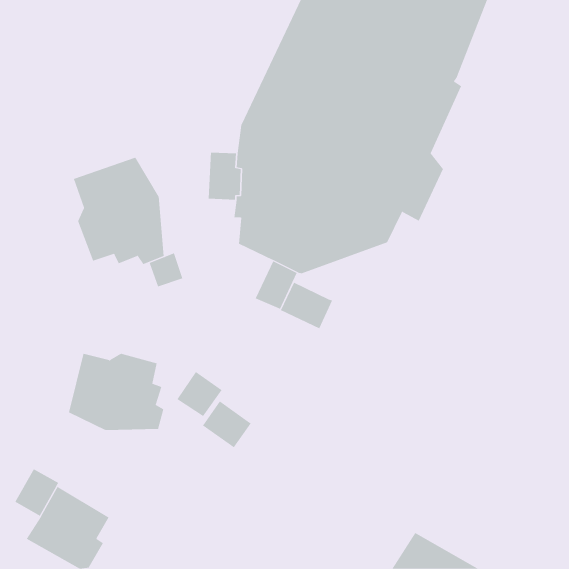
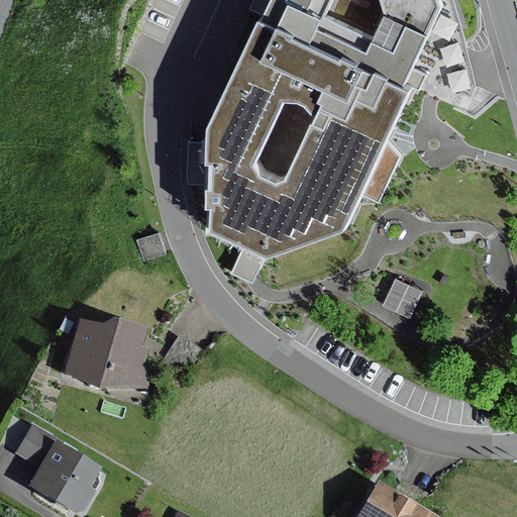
building: [73,157,164,265] -> none
building: [280,282,333,329] -> none
building: none -> [382,276,422,315]
building: [202,401,251,448] -> none

